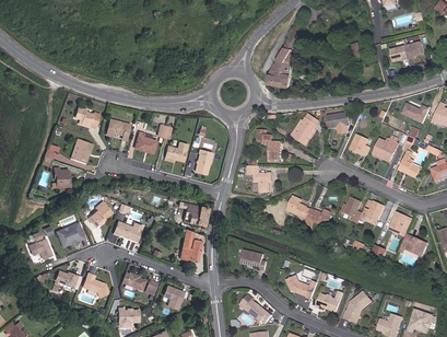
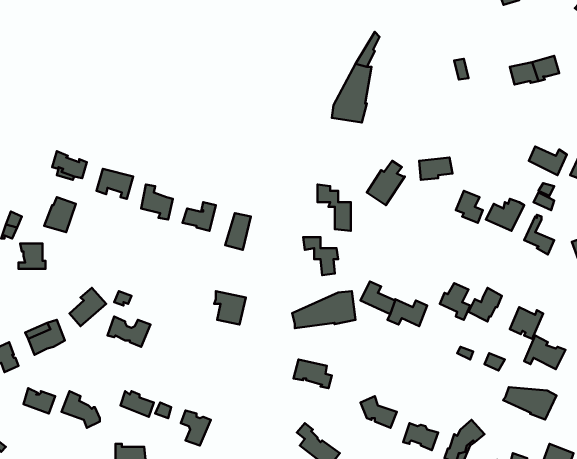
building: none -> [292,291,356,328]
building: [178,226,201,262] -> none
building: none -> [503,387,557,419]

